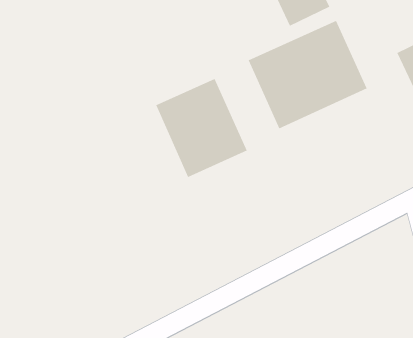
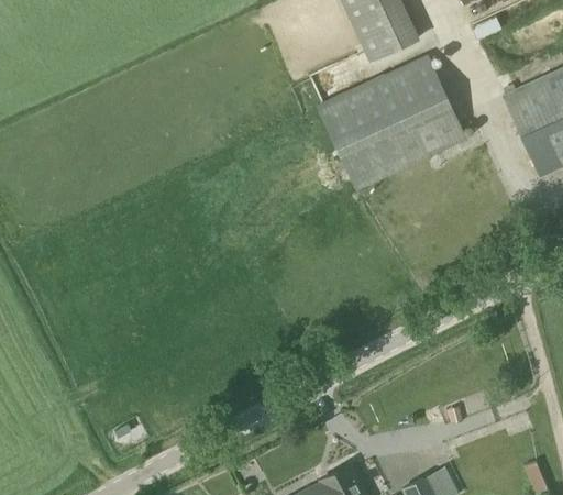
building: [156,78,248,178] -> none

